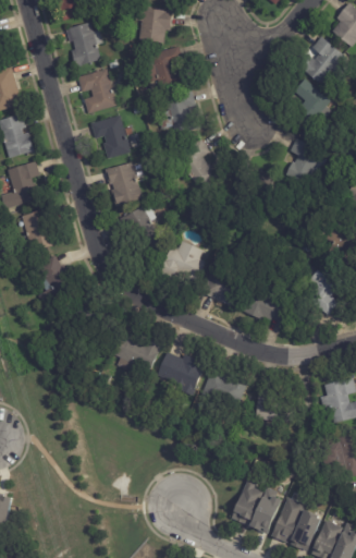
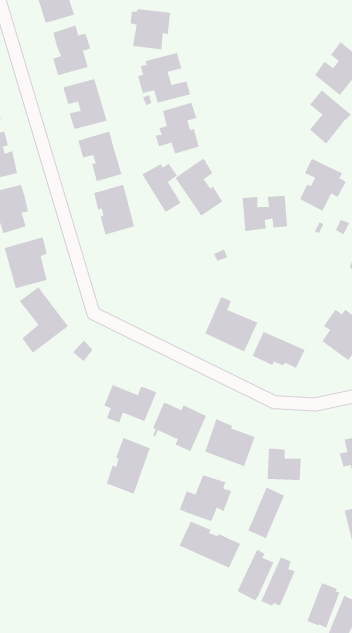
building: [124,206,159,250] -> [142,163,181,213]
building: [158,238,204,280] -> none
building: none -> [106,437,151,494]
building: none -> [179,475,232,522]
building: none -> [179,521,241,568]
building: [270,498,303,544] -> [248,487,285,539]

